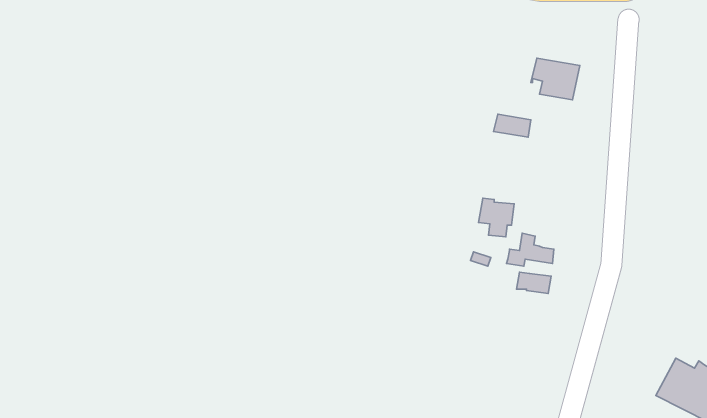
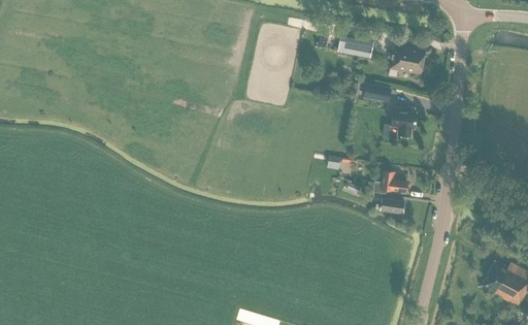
building: none -> [338,38,372,58]
building: [478,198,514,237] -> [391,108,417,136]

